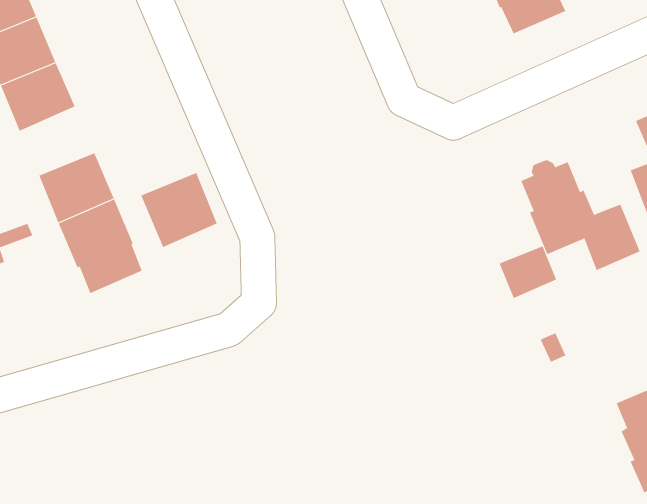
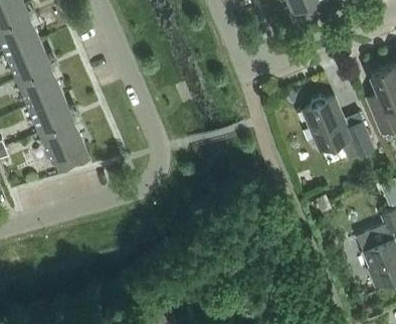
building: none -> [19,66,62,106]
building: [141,172,218,248] -> none
building: [499,245,557,299] -> none

